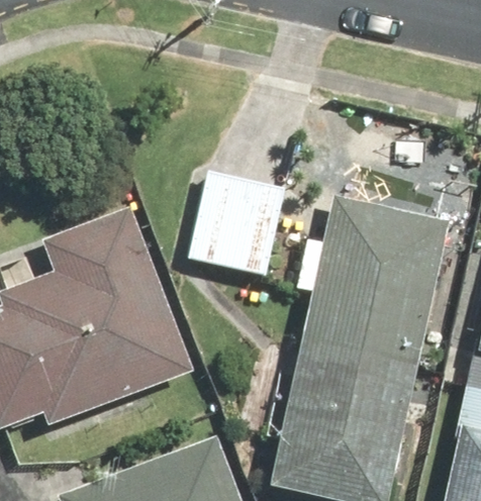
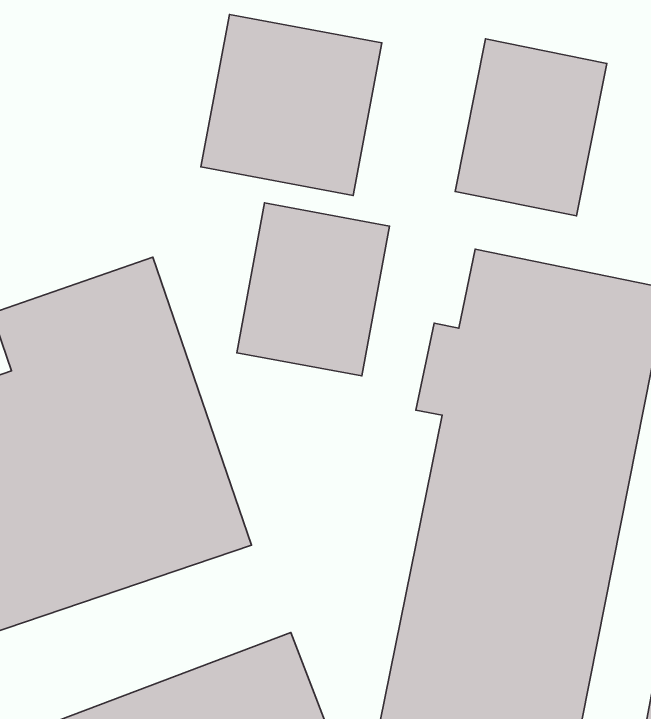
building: none -> [201,14,382,195]
building: none -> [455,39,607,216]

